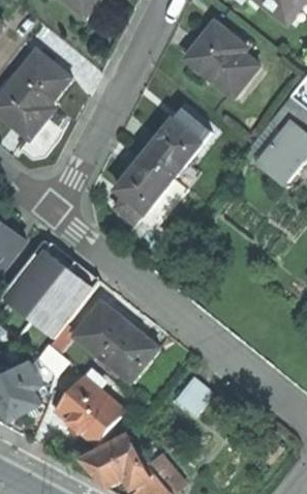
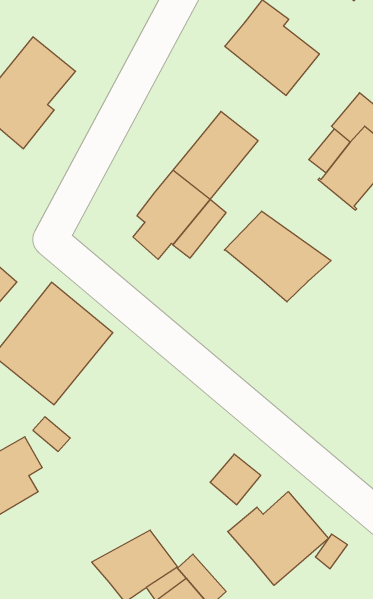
building: none -> [224,211,331,302]
building: [74,303,155,381] -> none
building: [53,369,123,444] -> none
building: none -> [228,492,328,585]

